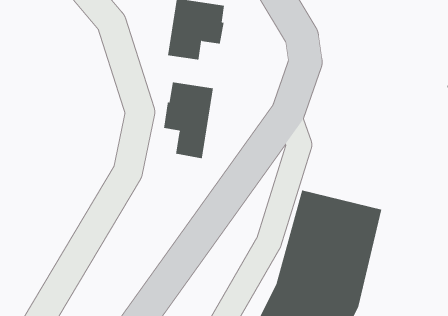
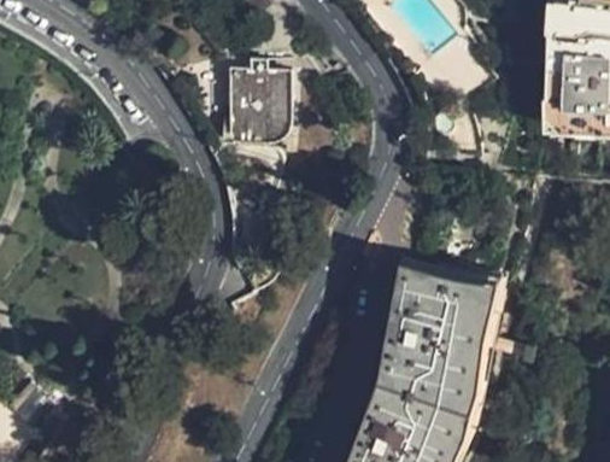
building: [164,82,214,159] -> none

